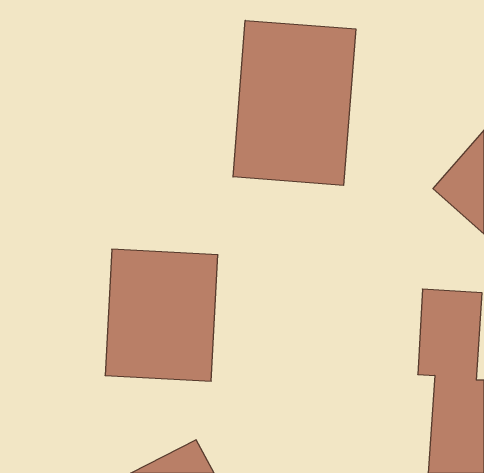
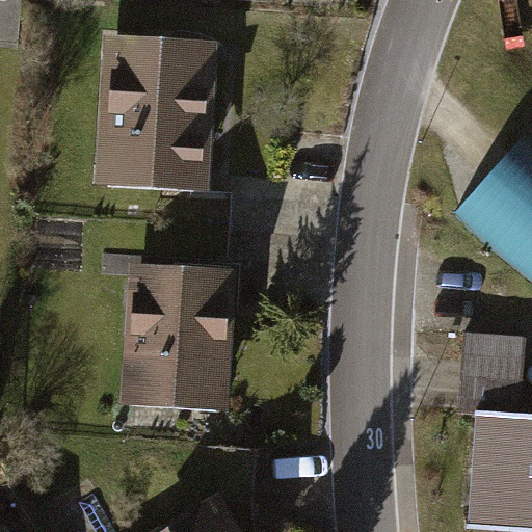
building: [233,20,356,185] -> none
building: none -> [96,34,216,189]

